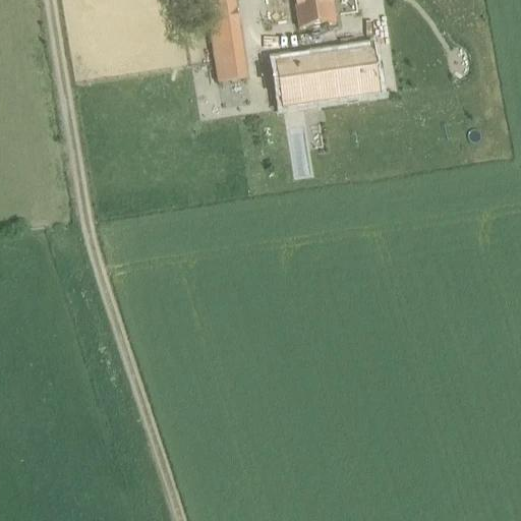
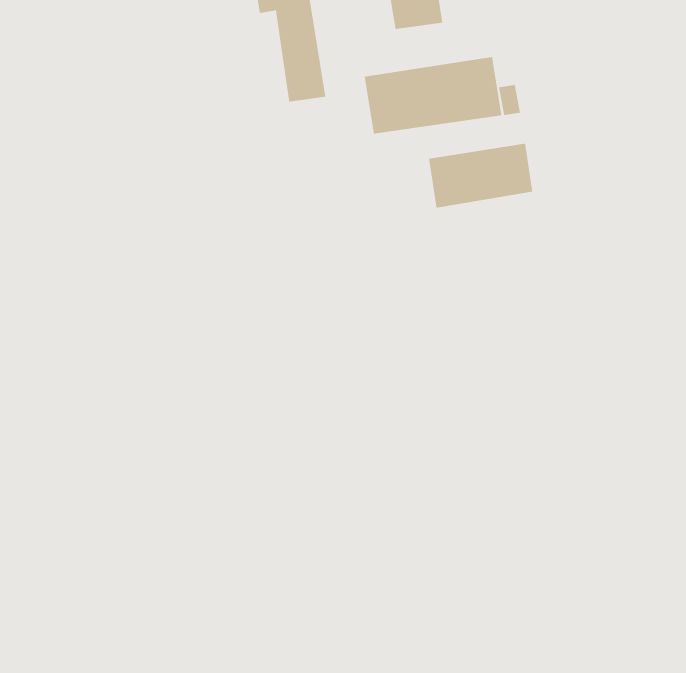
building: none -> [429,143,533,208]

